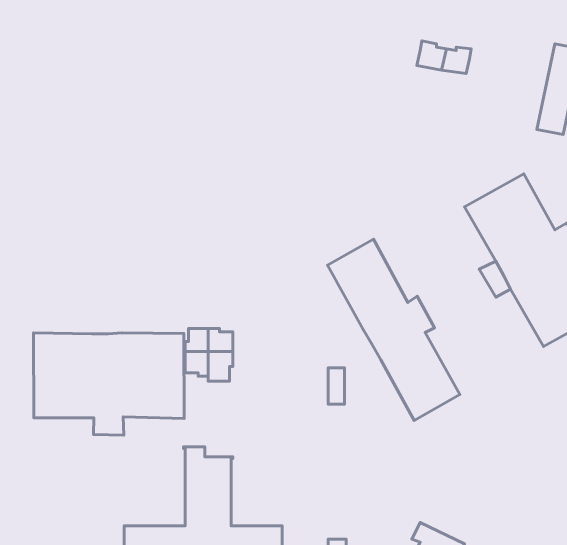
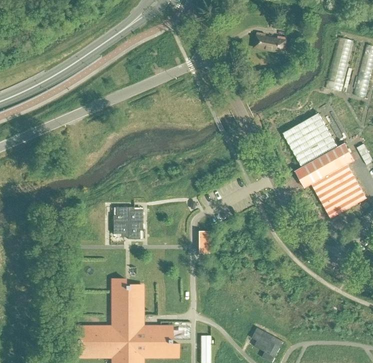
building: [328,239,460,421] -> none
building: [33,333,184,435] -> none

